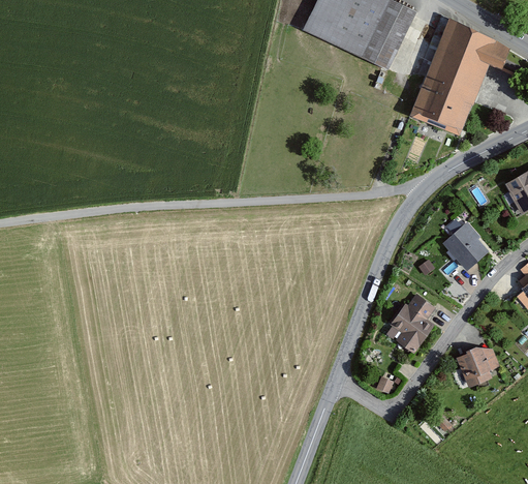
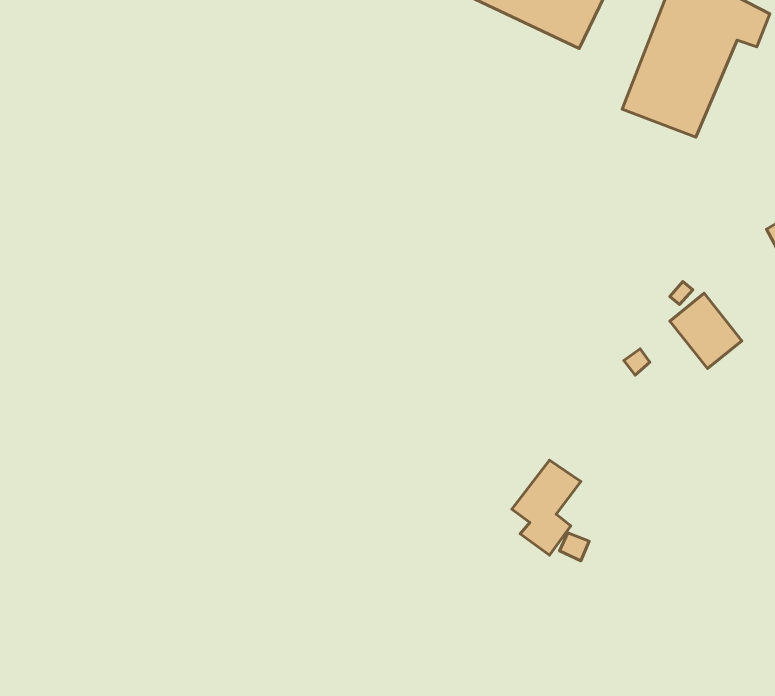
building: [392,292,435,352] -> [512,460,581,555]
building: [449,346,498,393] -> none

